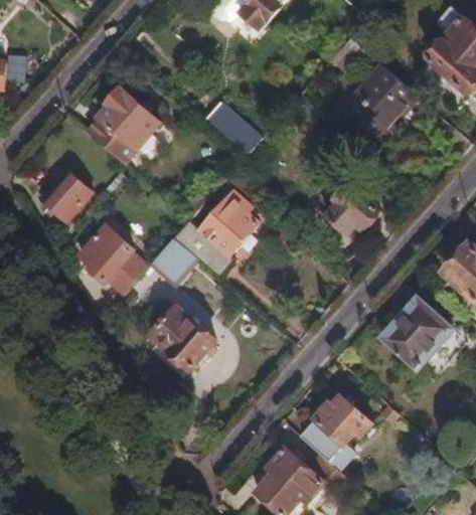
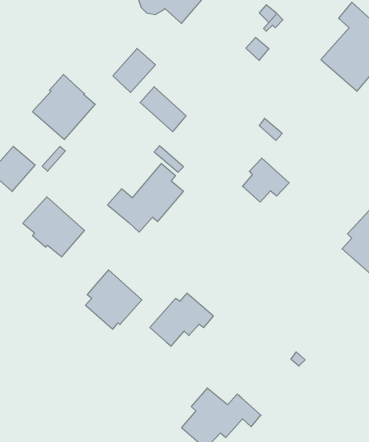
building: none -> [113,48,155,92]
building: [342,60,420,142] -> none
building: [149,235,197,284] -> none
building: [387,293,457,364] -> none
building: [302,395,374,456] -> [150,293,213,346]

